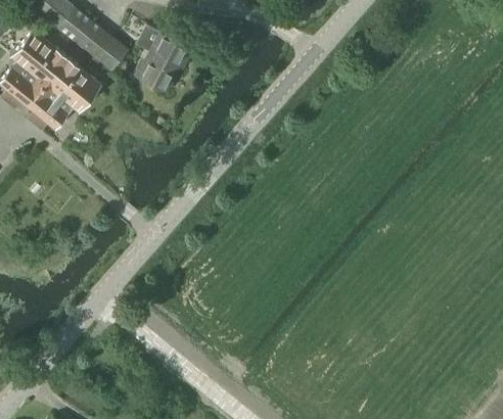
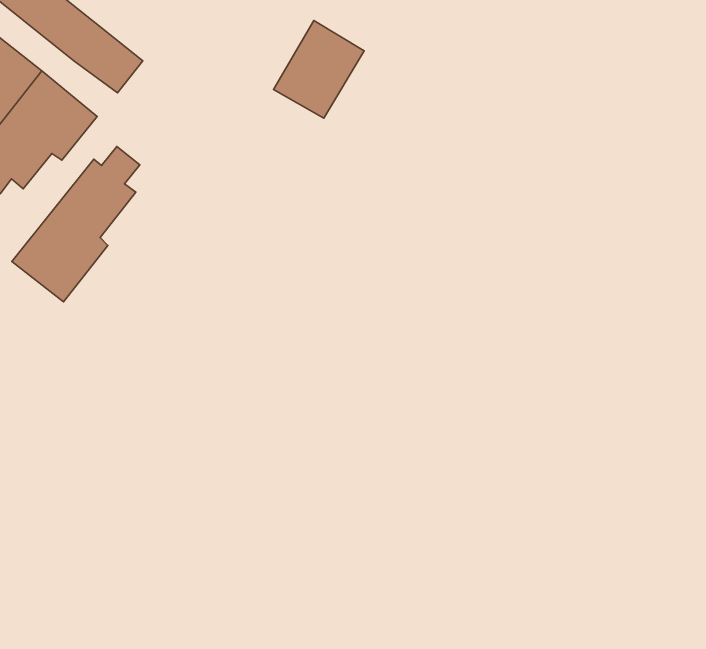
building: [135,31,190,90] -> [273,20,364,118]
building: none -> [12,146,140,302]

